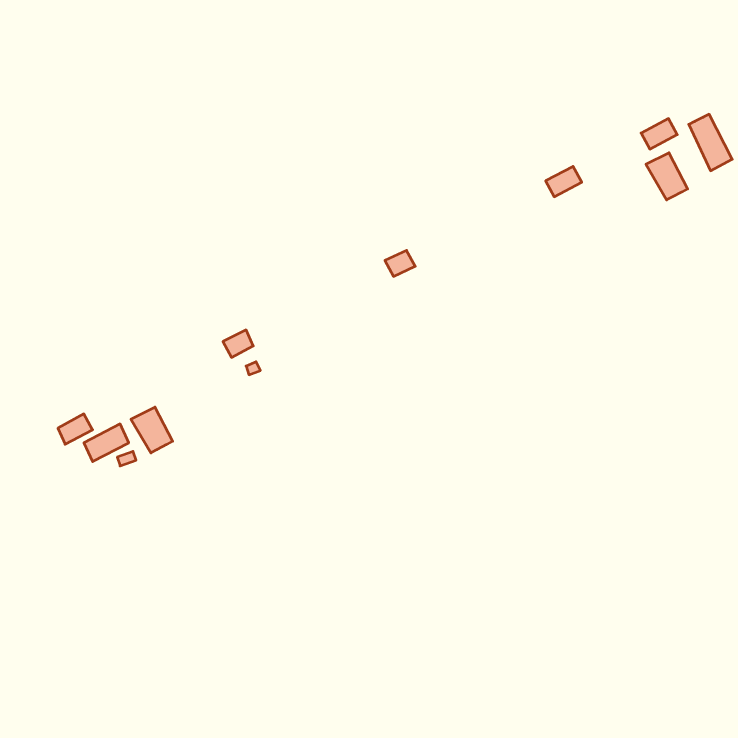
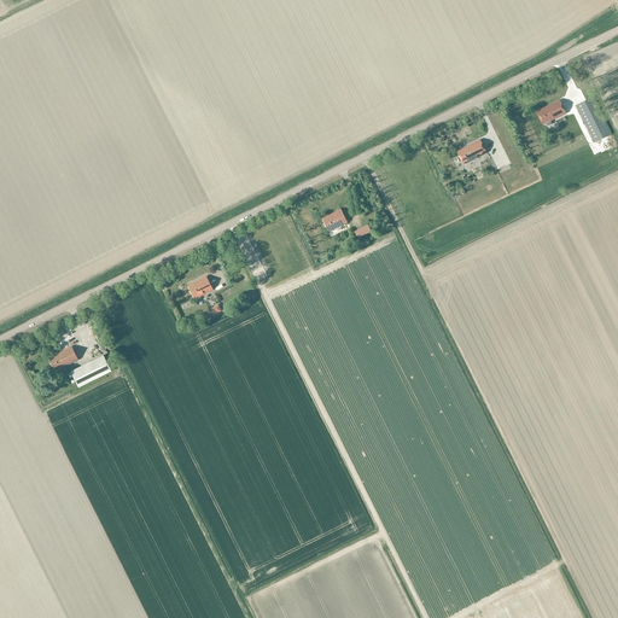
building: [646,153,688,200] -> none
building: [131,407,173,453] -> none

